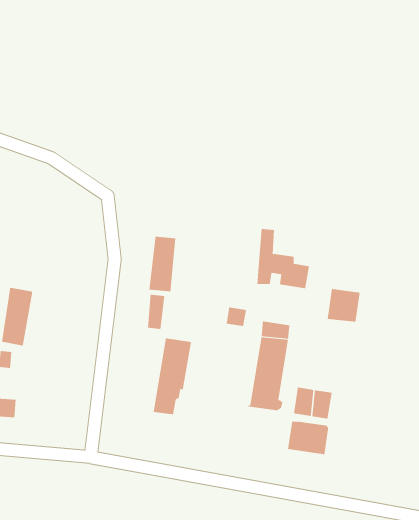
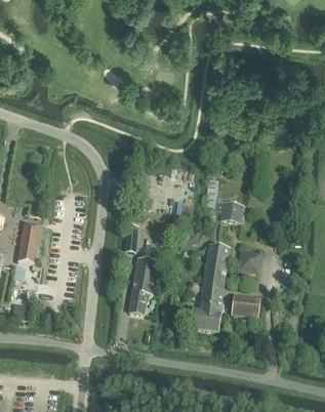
building: [149,236,176,292] -> none
building: [327,288,360,322] -> [237,248,261,273]
building: [287,421,329,455] -> [190,307,220,332]

